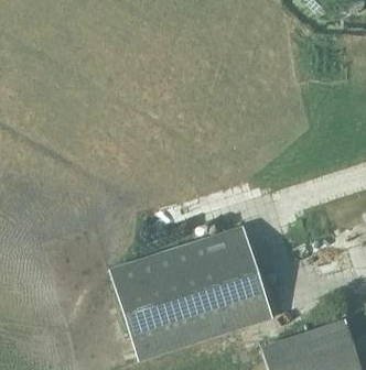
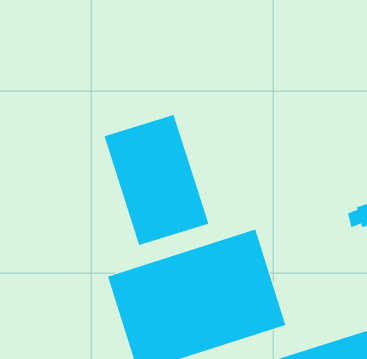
building: none -> [104,114,209,246]

